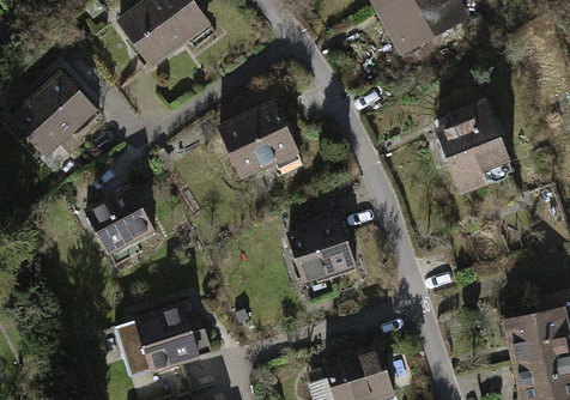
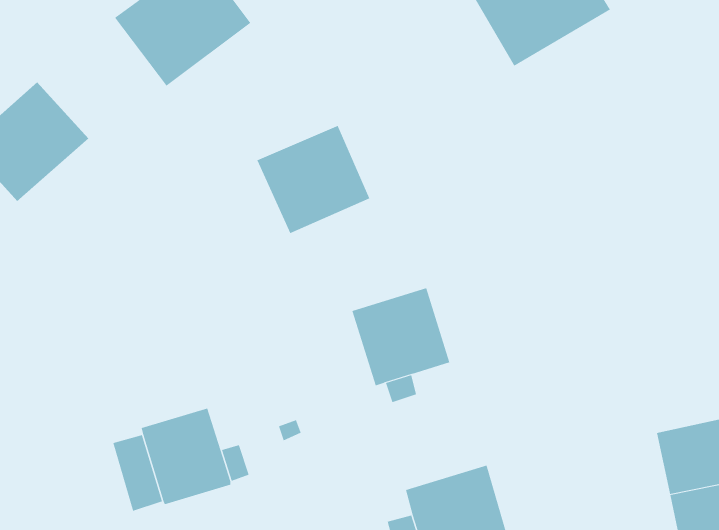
building: [429,96,513,193] -> none
building: [87,184,156,255] -> none

